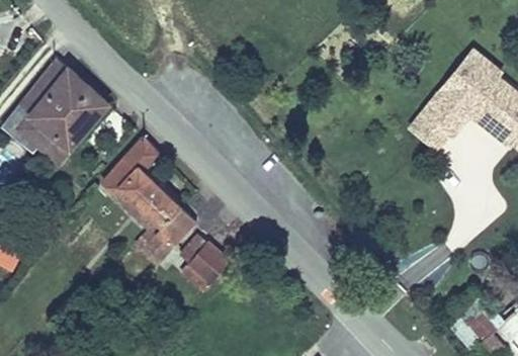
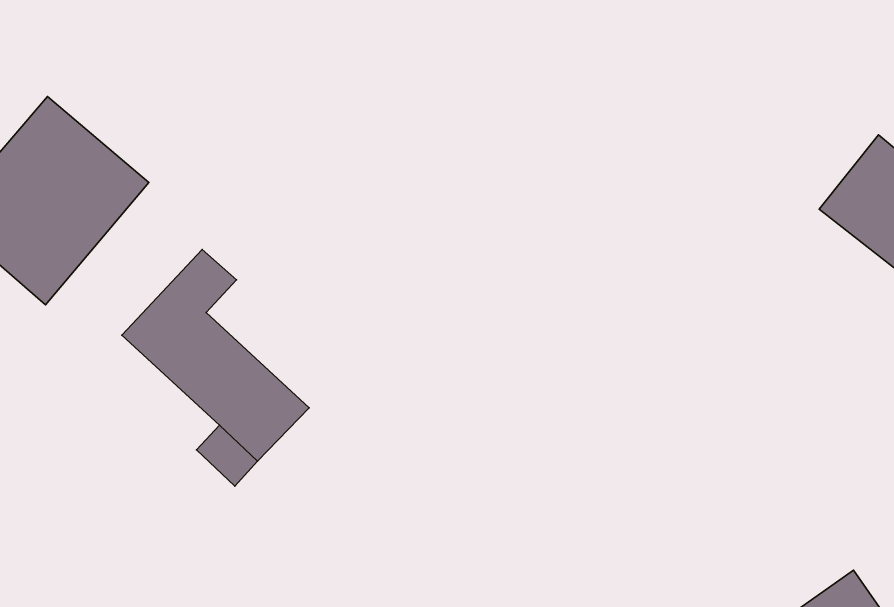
building: [409,50,502,154] -> none
building: [178,236,231,295] -> none

